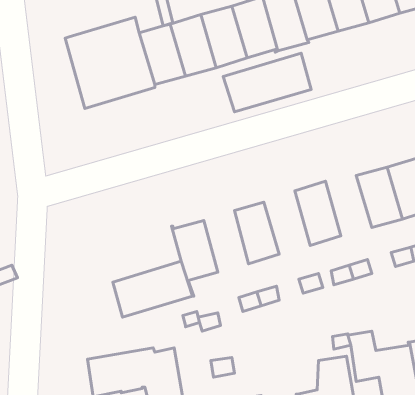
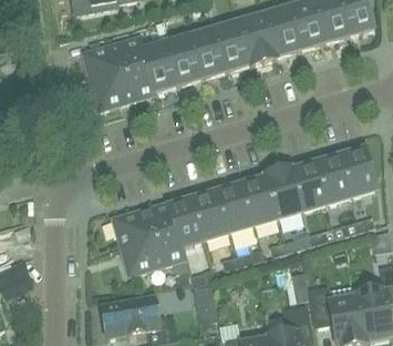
building: [223,53,311,112] -> none
building: none -> [290,162,327,210]
building: none -> [241,174,278,224]
building: none -> [194,190,229,238]
building: none -> [114,202,176,246]

